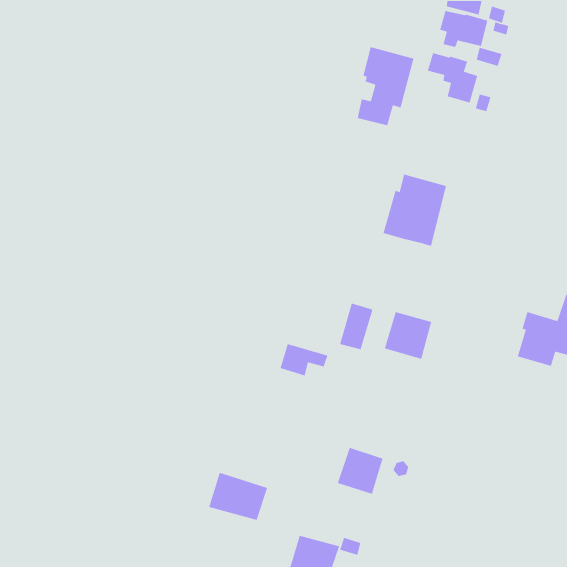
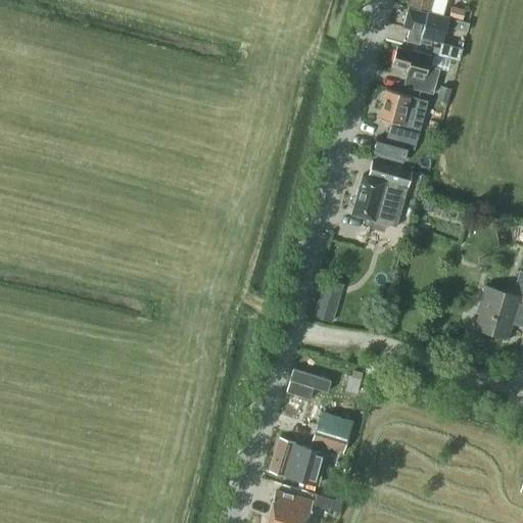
building: [357,46,415,126] -> [374,90,427,163]
building: [384,311,432,360] -> none
building: [280,343,328,376] -> [287,370,332,400]
building: [208,472,268,521] -> [271,439,326,484]

